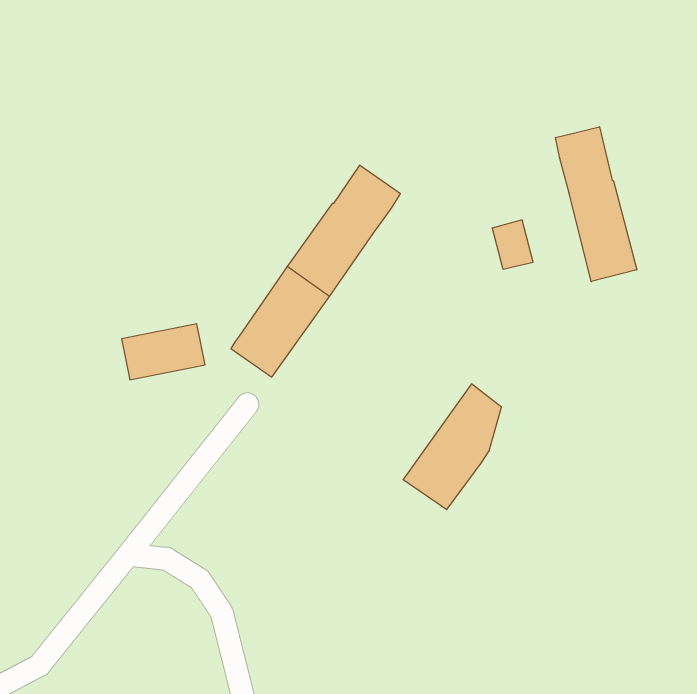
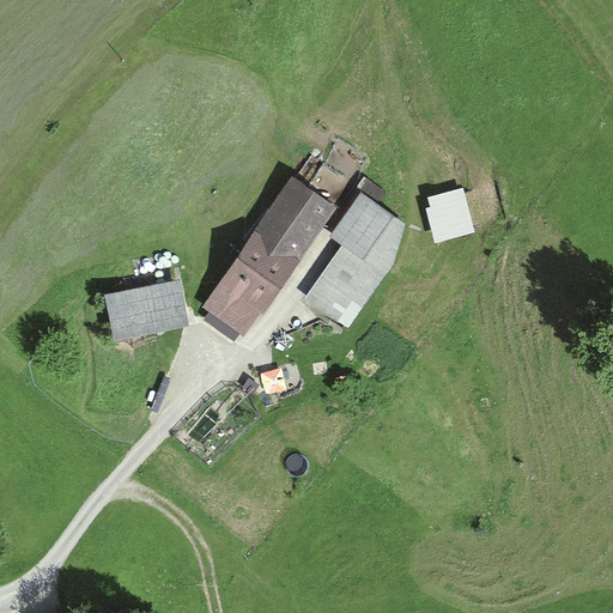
building: [555,127,637,282] -> none
building: [403,384,502,510] -> [312,207,399,317]

